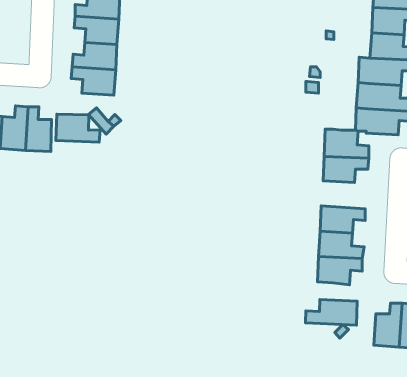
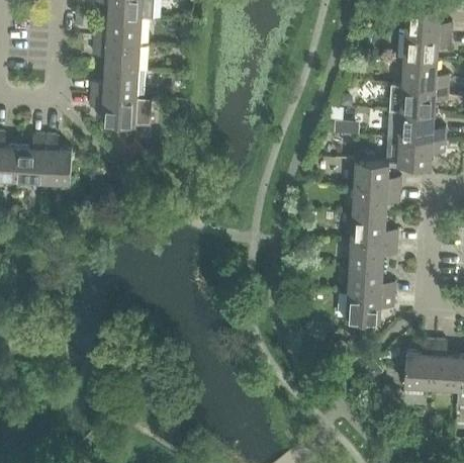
building: [56,114,100,142] -> none
building: none -> [351,213,397,243]
building: [305,299,357,325] -> none

